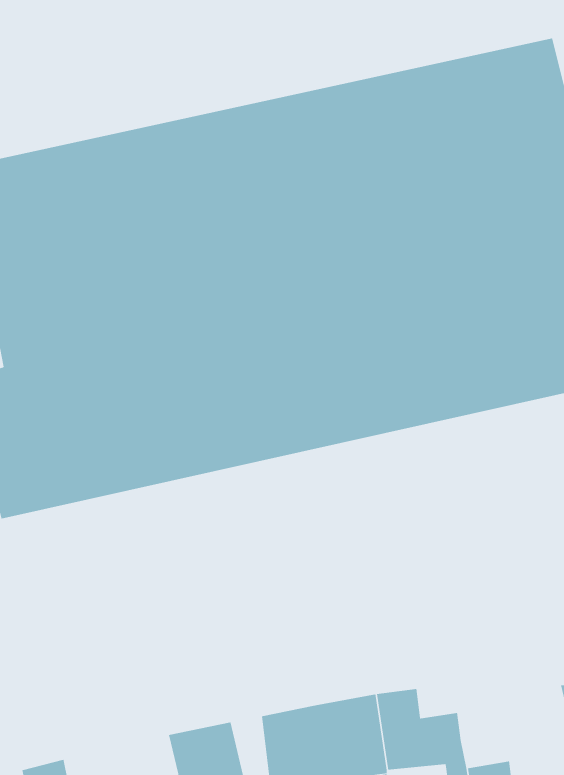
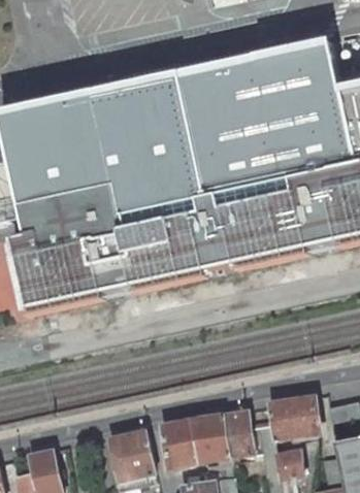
building: none -> [268,392,319,435]

